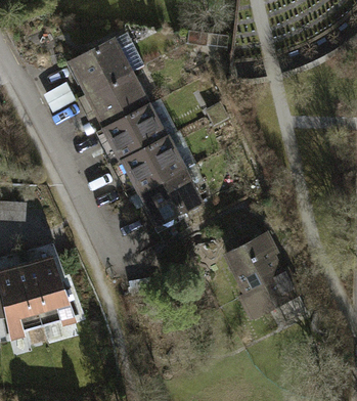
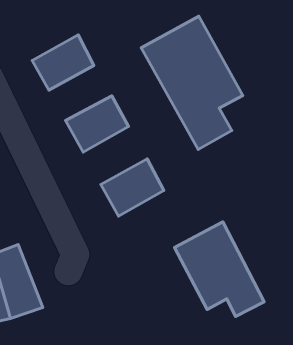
building: none -> [141,16,243,149]
building: [84,70,149,127] -> none
building: [120,133,186,193] -> none

